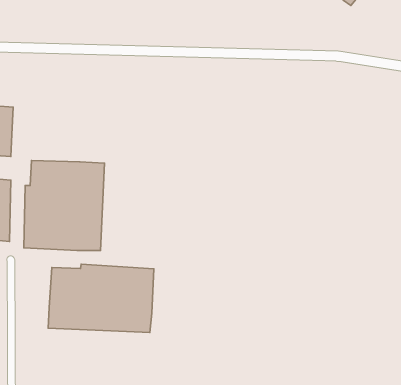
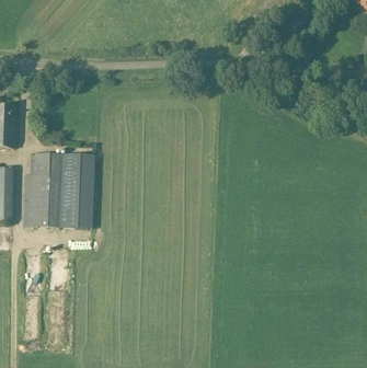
building: [48,264,154,333] -> none

